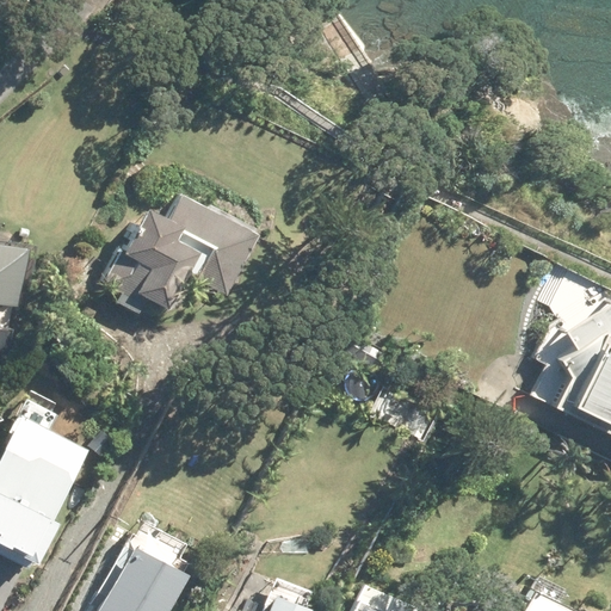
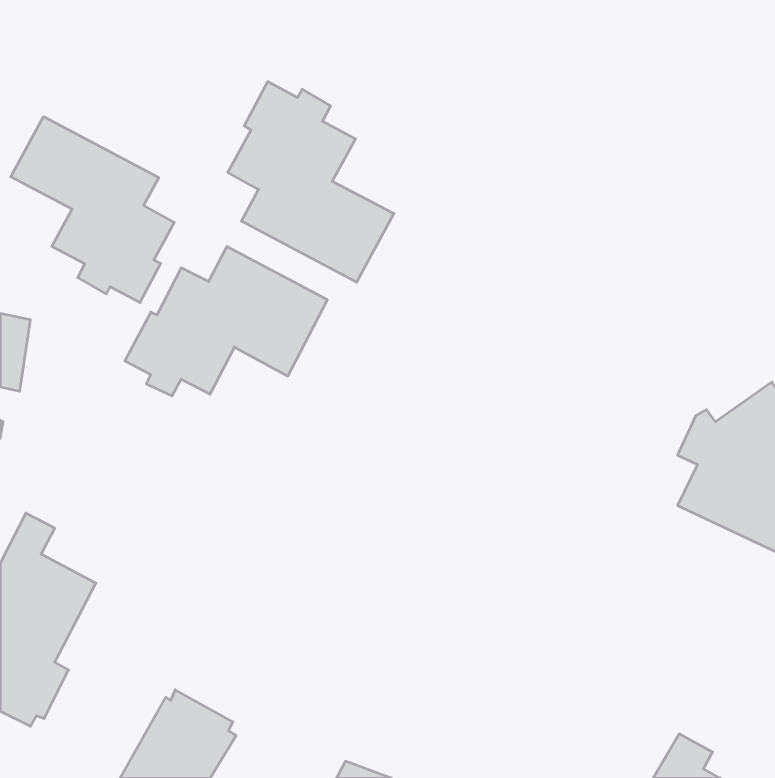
building: none -> [228,82,394,282]
building: none -> [11,117,174,303]

